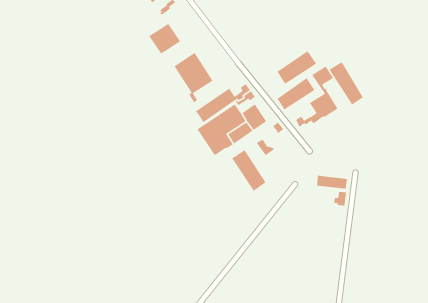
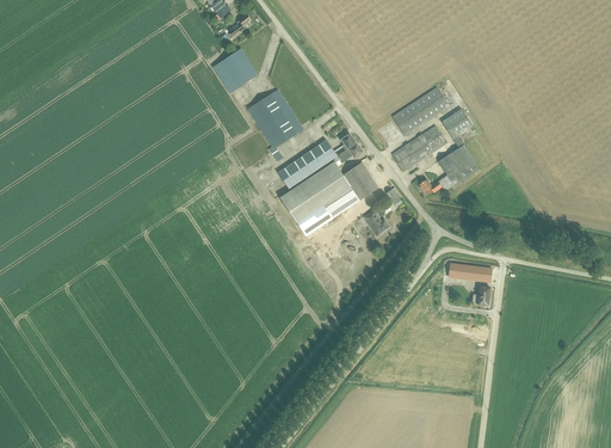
building: [329,61,364,105] -> none
building: [231,149,267,192] -> none

